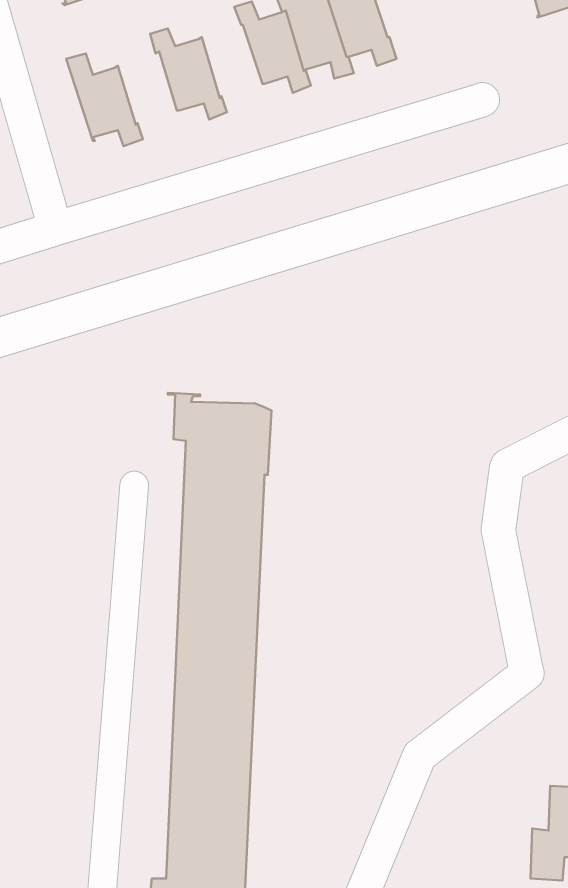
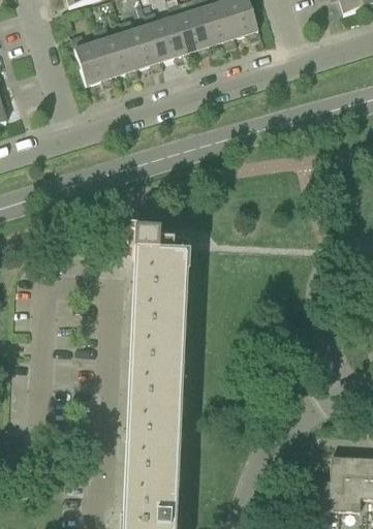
building: none -> [142,10,187,63]
building: none -> [93,26,137,79]
building: none -> [318,456,349,510]

